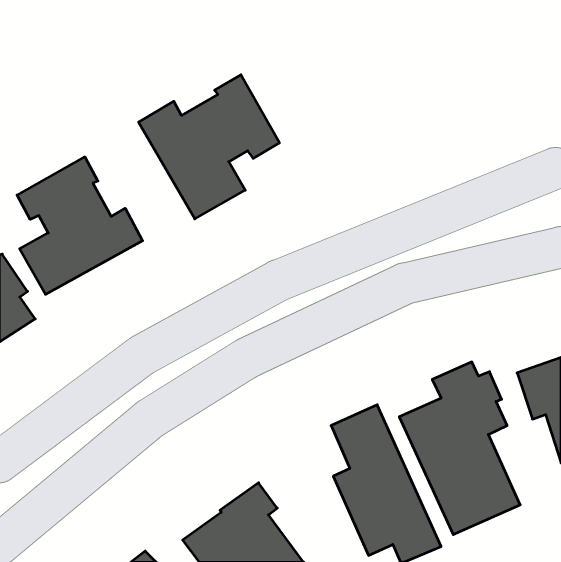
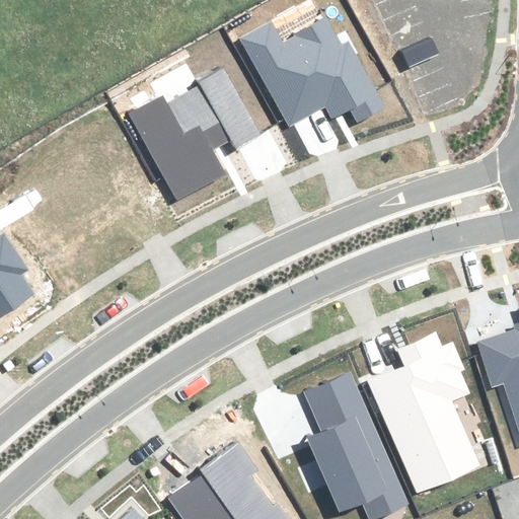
building: none -> [239,18,383,125]
building: [17,157,143,294] -> none

